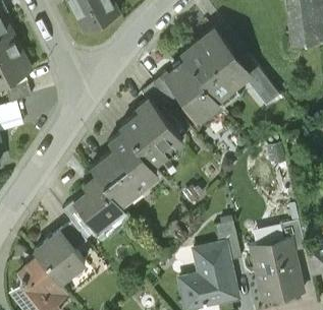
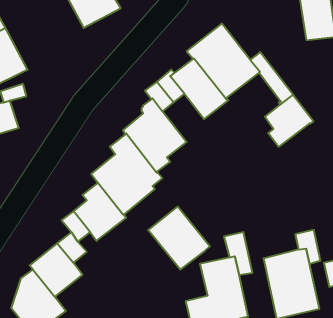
building: none -> [265,95,313,147]
building: none -> [148,207,210,270]

